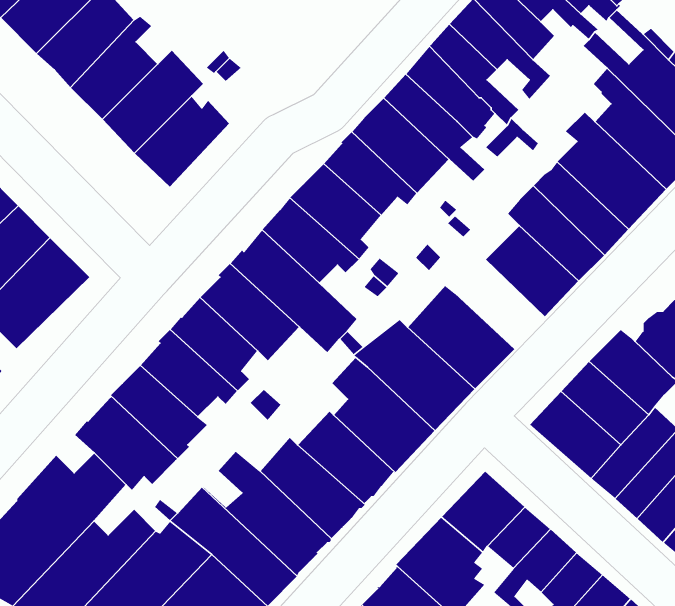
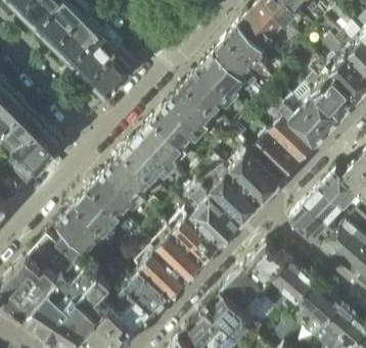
building: none -> [250,133,296,182]

